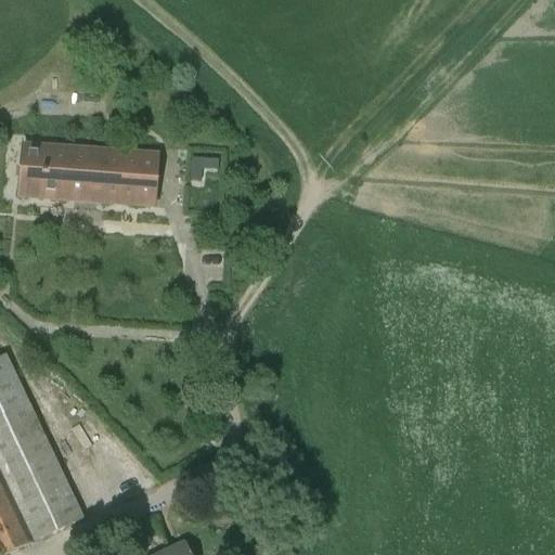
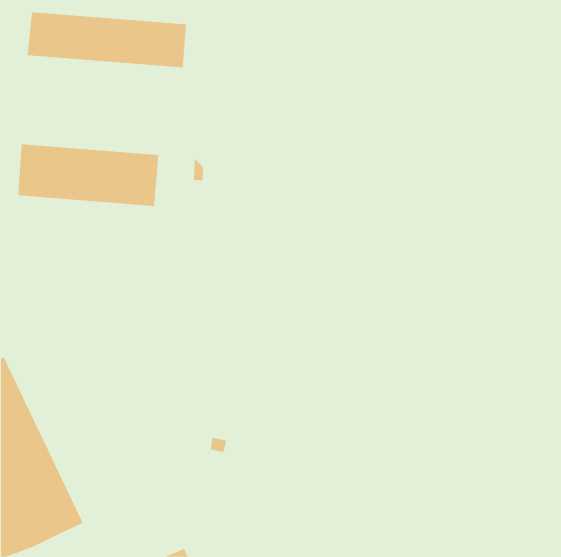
building: none -> [27,12,186,68]

